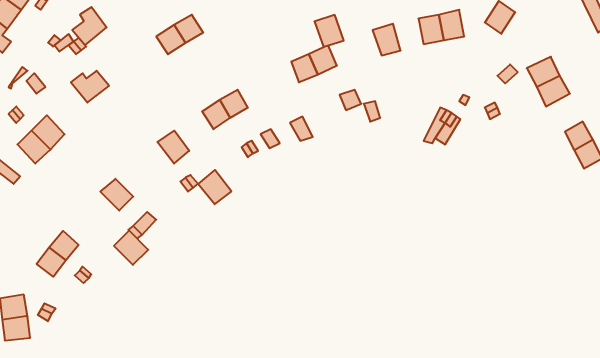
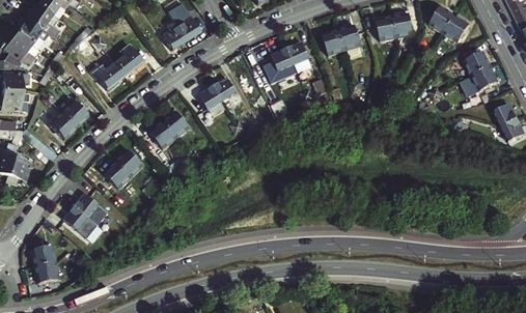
building: [72,7,107,45] -> [112,45,140,76]
building: none -> [442,16,469,44]
building: [314,15,344,47] -> [321,30,344,56]
building: [198,170,231,204] -> [148,121,175,149]
building: [114,231,148,265] -> [103,162,131,190]

